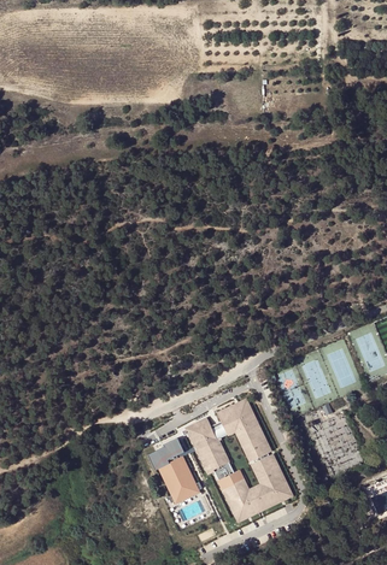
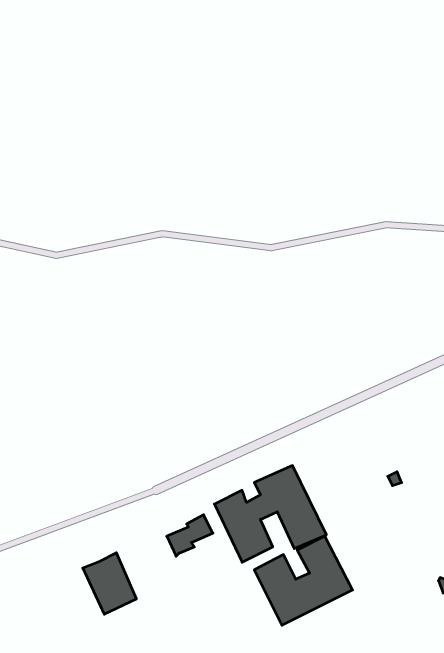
building: [158,455,200,504] -> [83,553,136,614]

